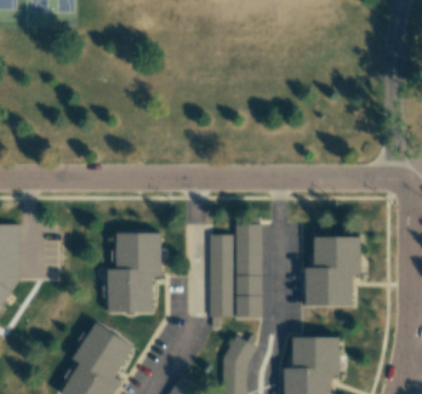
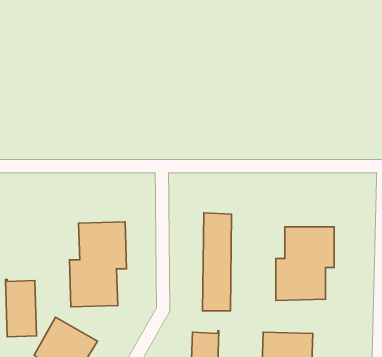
building: [210,234,232,326] -> none
building: none -> [6,280,36,337]

